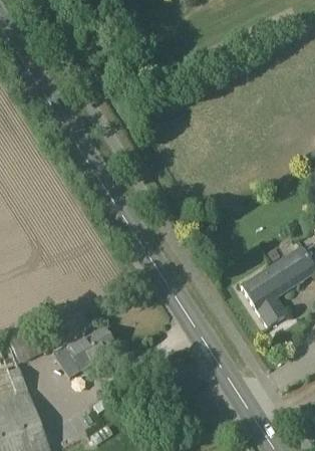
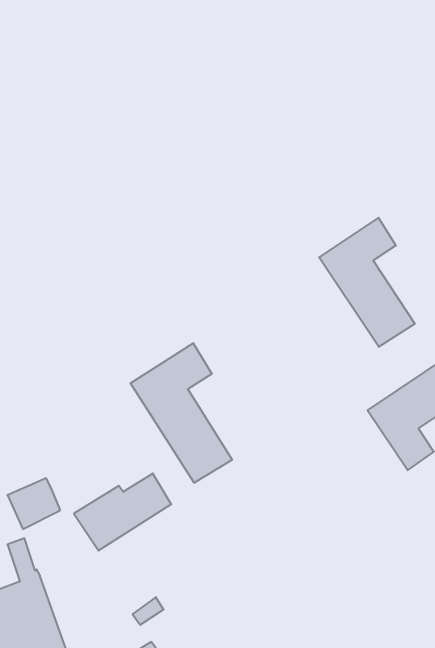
building: none -> [319,218,415,347]
building: none -> [131,343,232,483]

